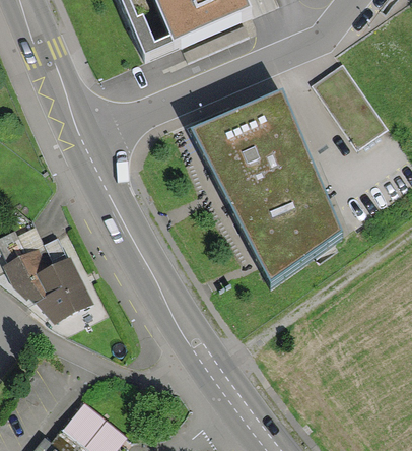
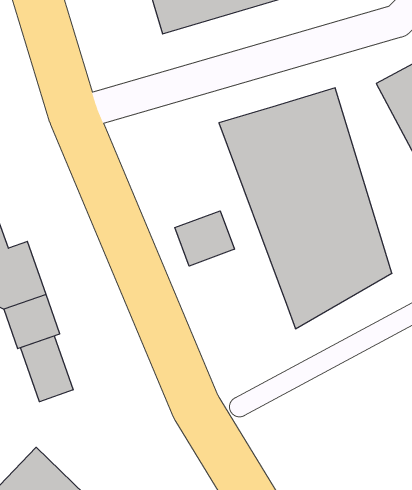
building: none -> [175,211,234,266]
building: none -> [21,336,73,402]

